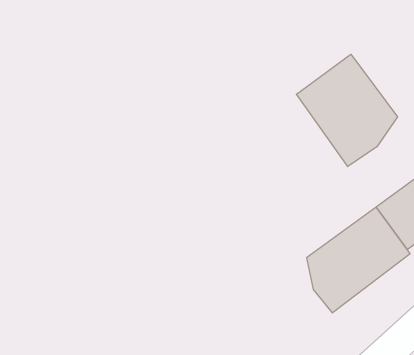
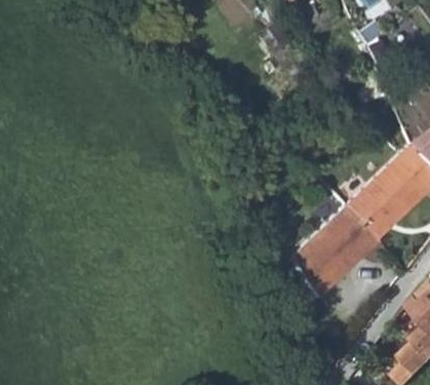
building: [296,54,397,167] -> none

